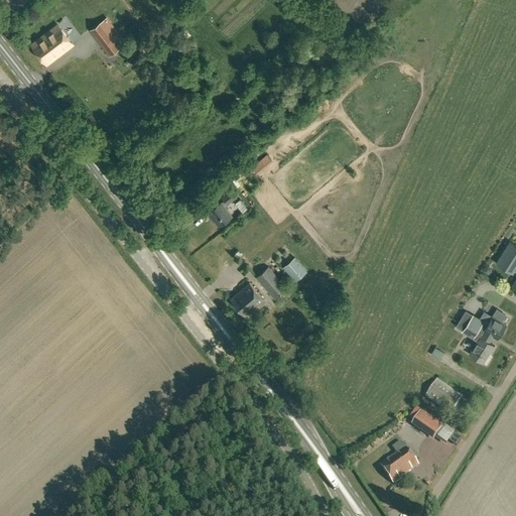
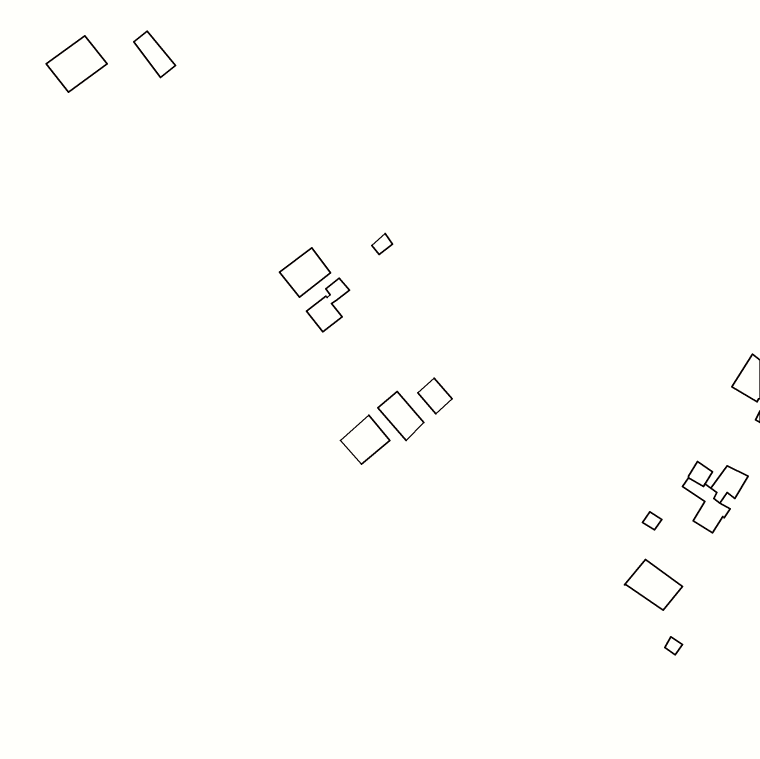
building: none -> [279,248,330,297]
building: [411,410,442,439] -> none
building: [380,439,418,483] -> none

